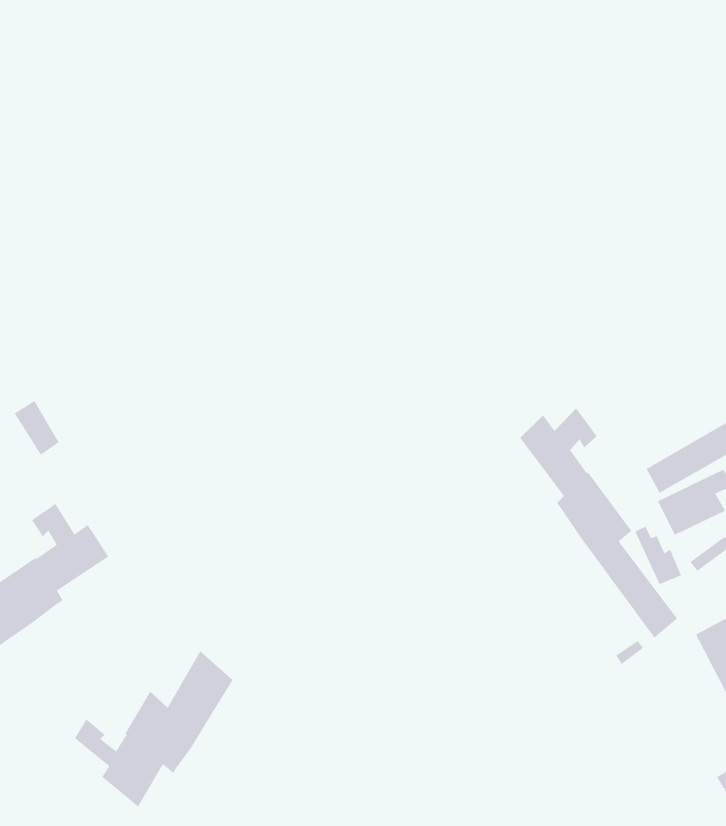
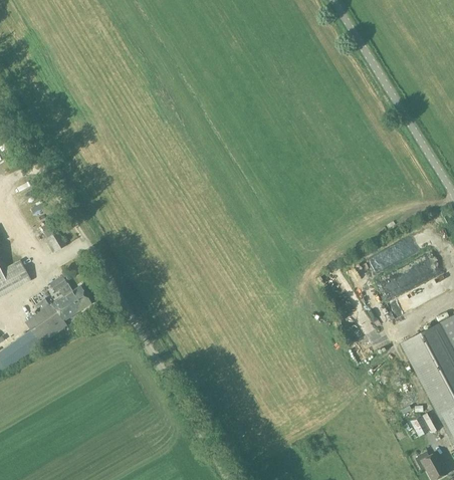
building: [519,408,678,638] -> none
building: [74,650,233,807] -> none

